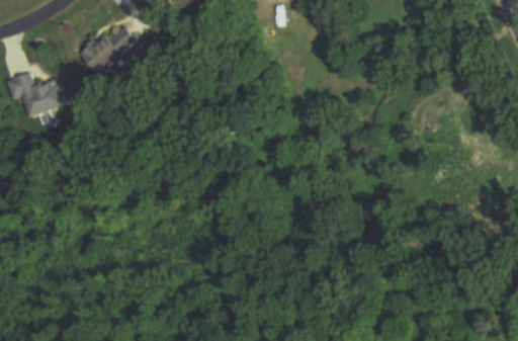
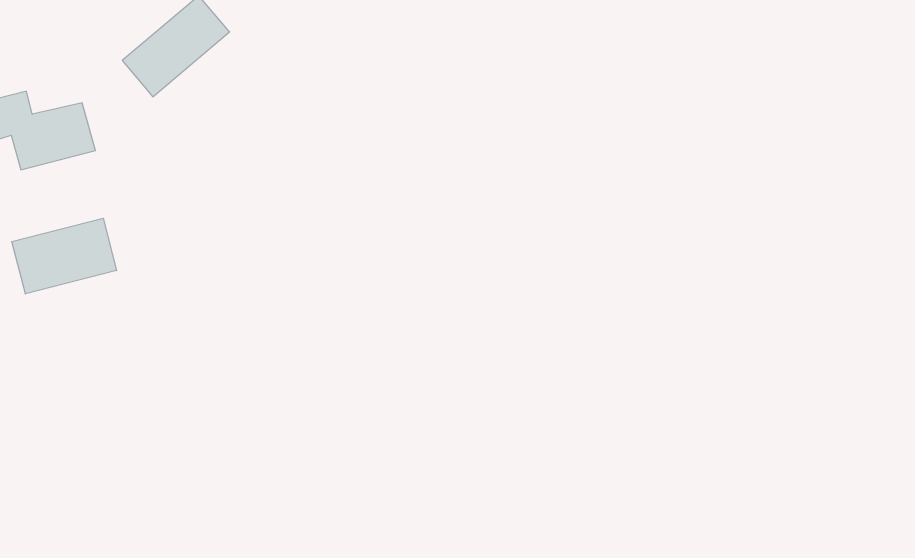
building: none -> [12,218,117,294]

